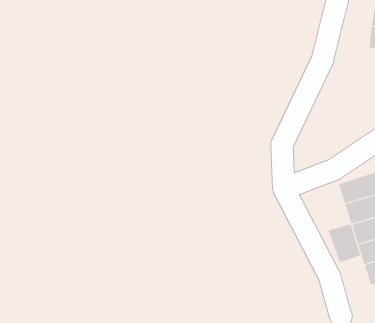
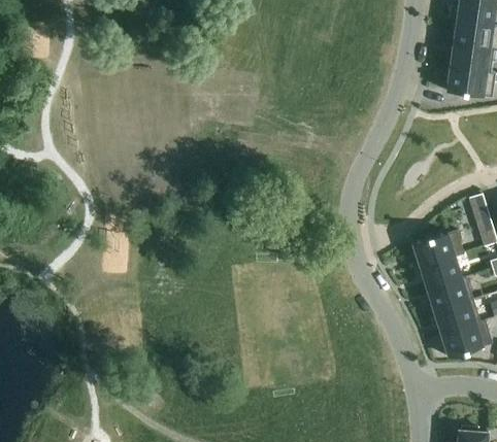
building: [328,223,361,263] -> none

